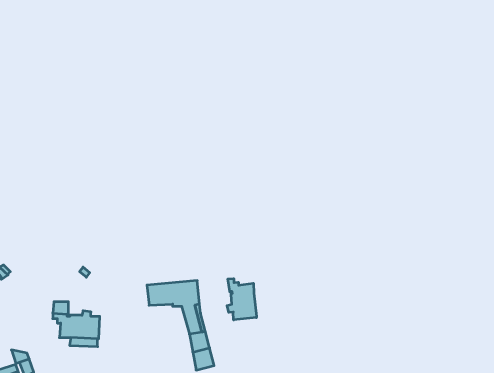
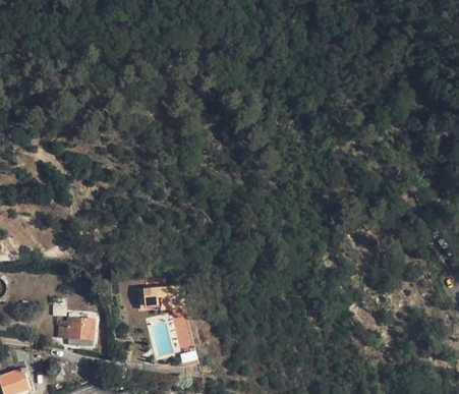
building: [227,279,256,320] -> none

